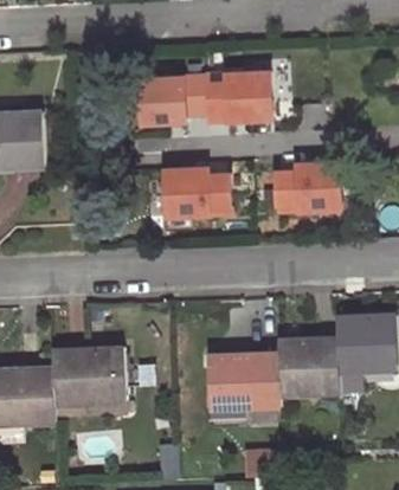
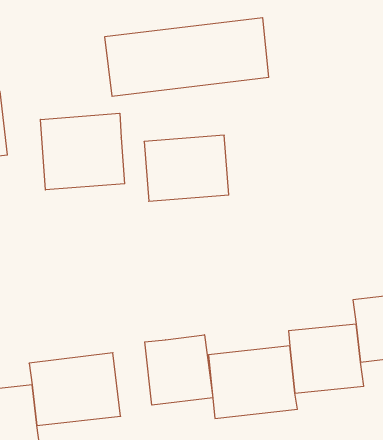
building: none -> [40,113,125,190]
building: [275,157,348,214] -> none
building: none -> [145,335,213,405]

